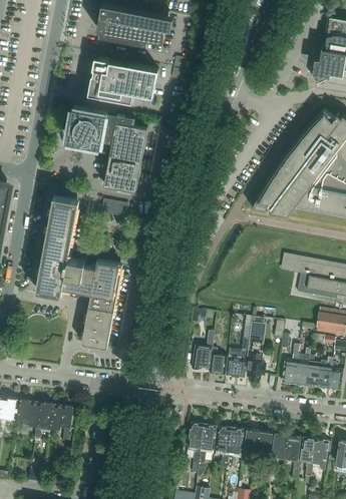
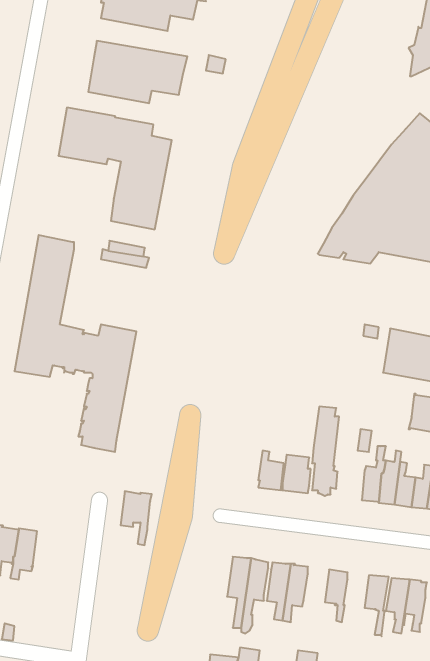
building: [192,331,214,371] -> none
building: [49,404,71,442] -> [121,491,152,545]
building: [240,429,259,465] -> none
building: [268,433,287,468] -> none

